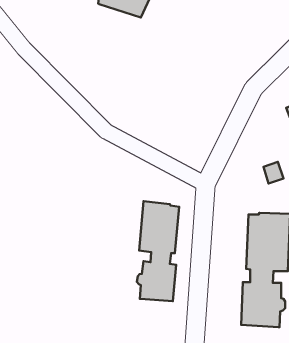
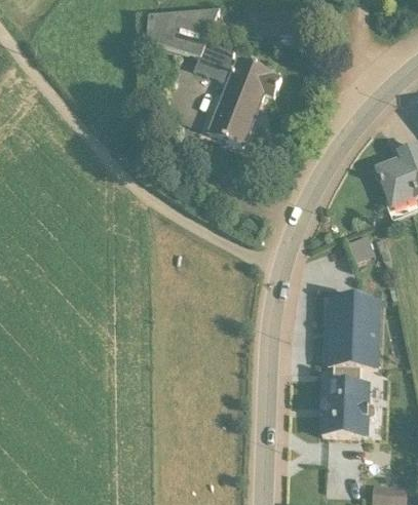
building: none -> [193,38,278,145]
building: [137,201,179,301] -> none

